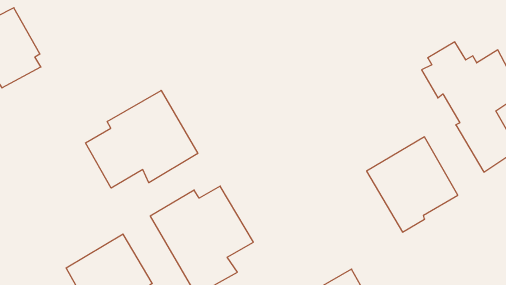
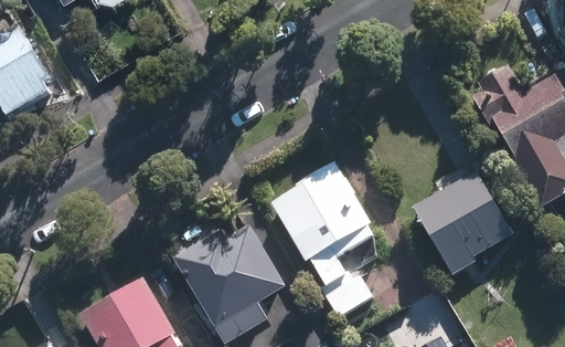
building: [86,90,198,188] -> none
building: none -> [269,159,373,314]

